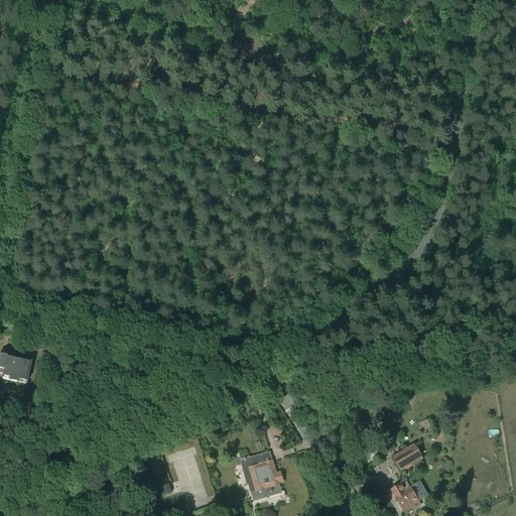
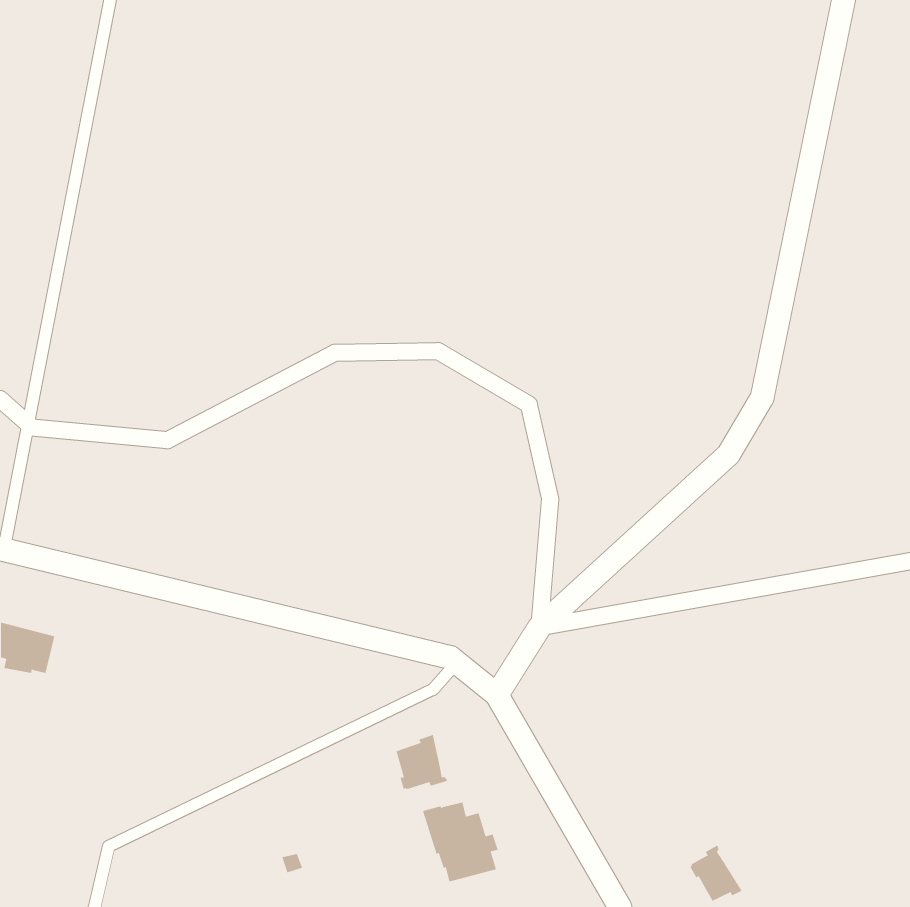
building: none -> [396,734,448,790]
building: [392,443,421,469] -> none

